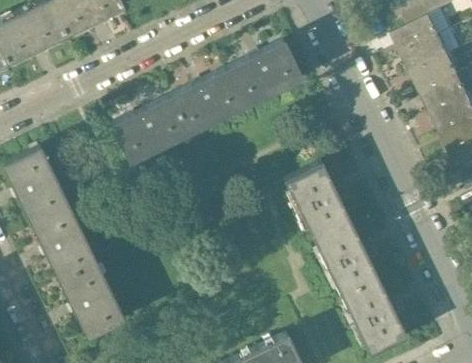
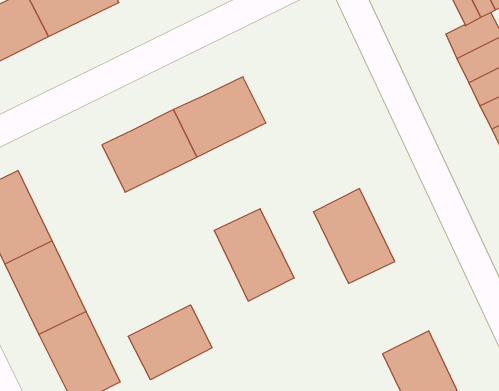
building: [226,41,303,108] -> none
building: [313,222,379,298] -> [214,209,294,301]
building: none -> [128,305,212,380]

